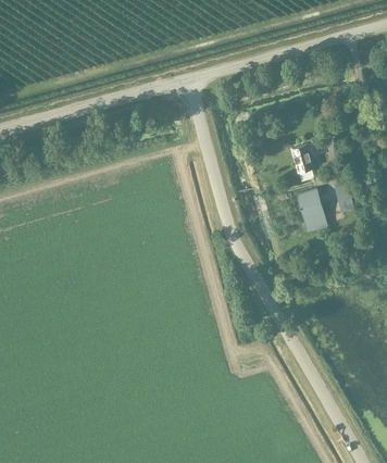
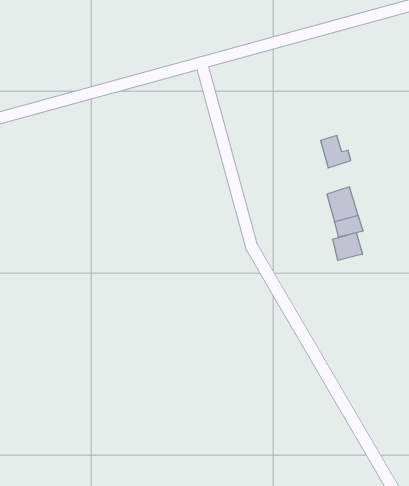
building: none -> [333,232,363,260]

